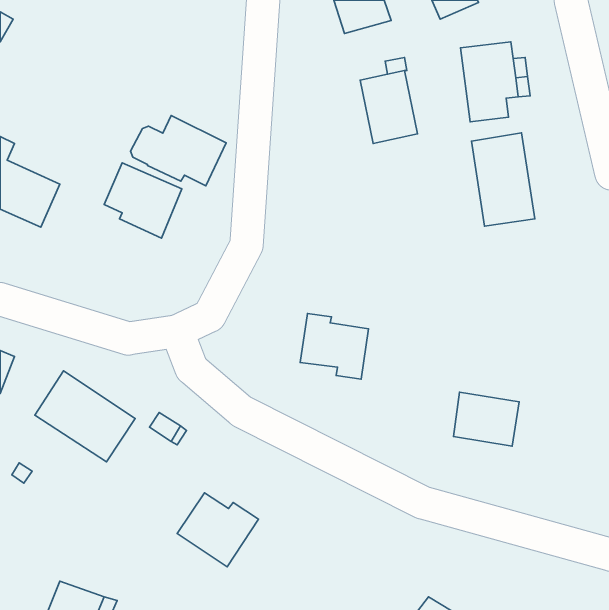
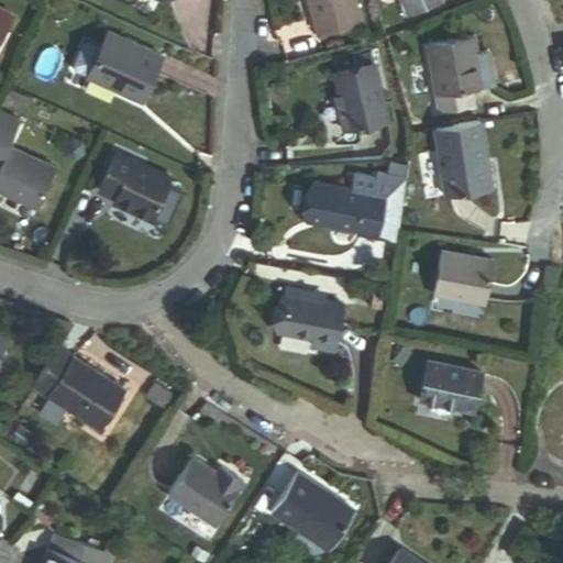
building: [131,115,226,186] -> [73,31,161,96]
building: none -> [306,168,407,242]
building: none -> [433,253,493,303]
building: none -> [271,470,353,544]

